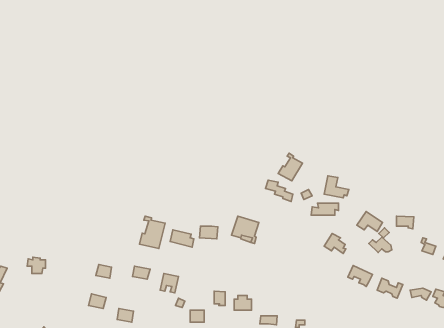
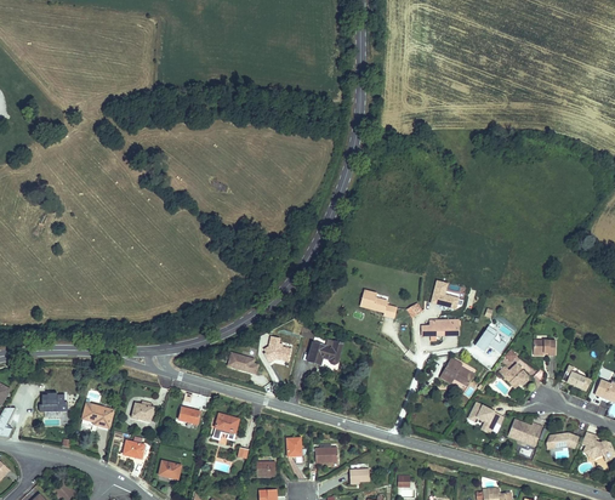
building: [278,153,302,181] -> none
building: [139,216,165,248] -> none
building: none -> [81,403,114,428]

